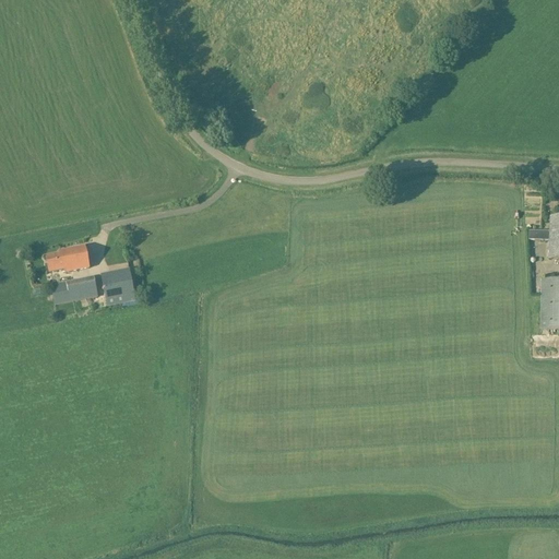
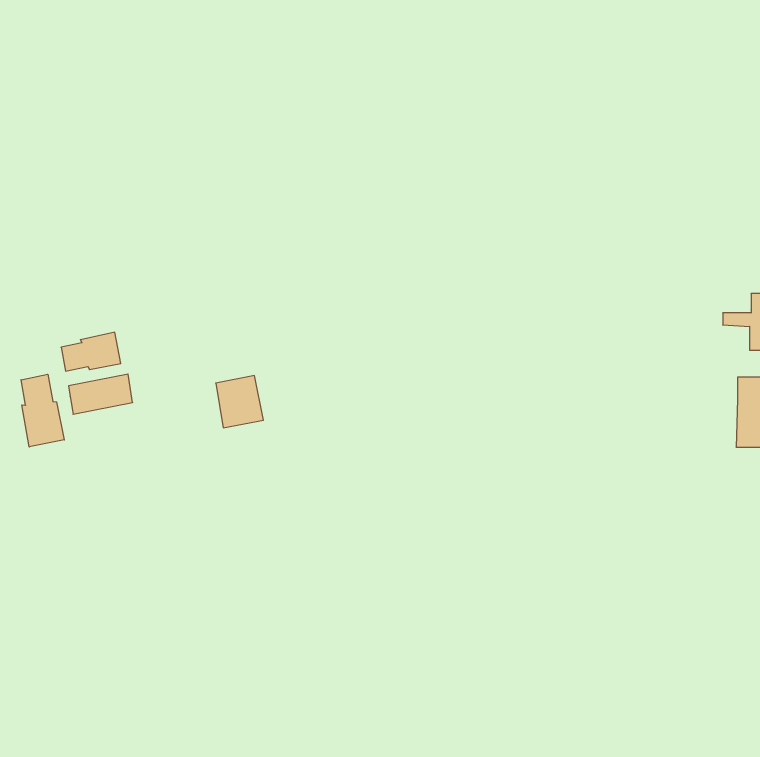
building: [102,266,136,305] -> [216,376,263,428]
building: none -> [21,374,64,447]

